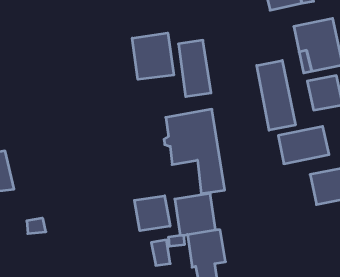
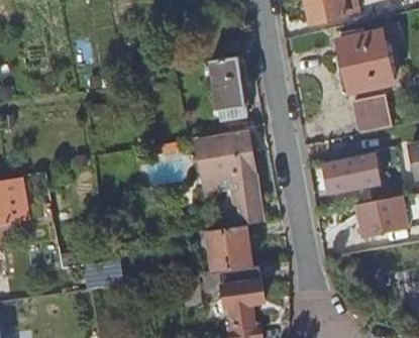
building: [132,33,174,79] -> none
building: [257,60,295,130] -> none
building: [134,196,170,231] -> none

